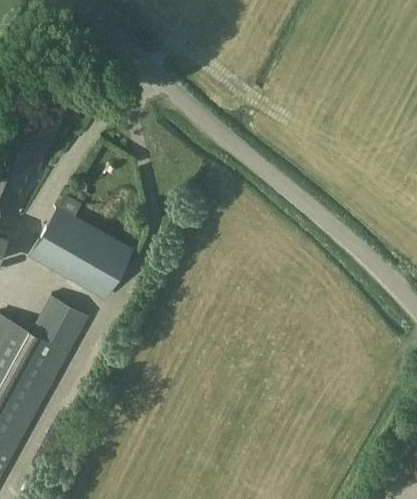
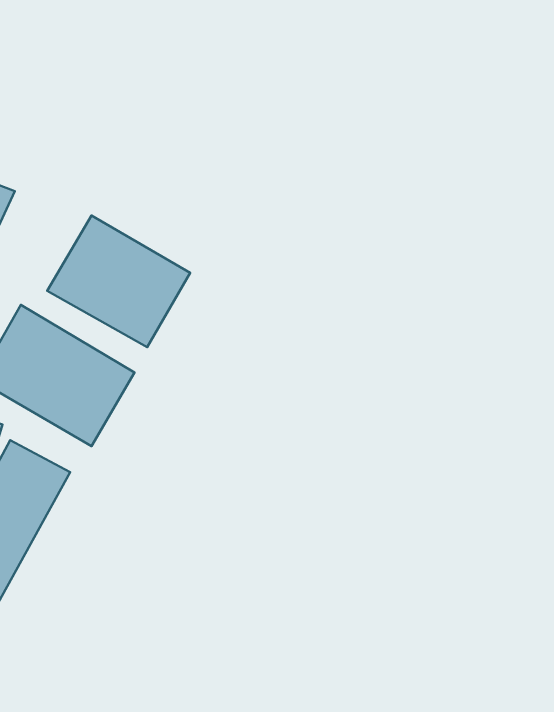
building: none -> [47,216,190,347]

